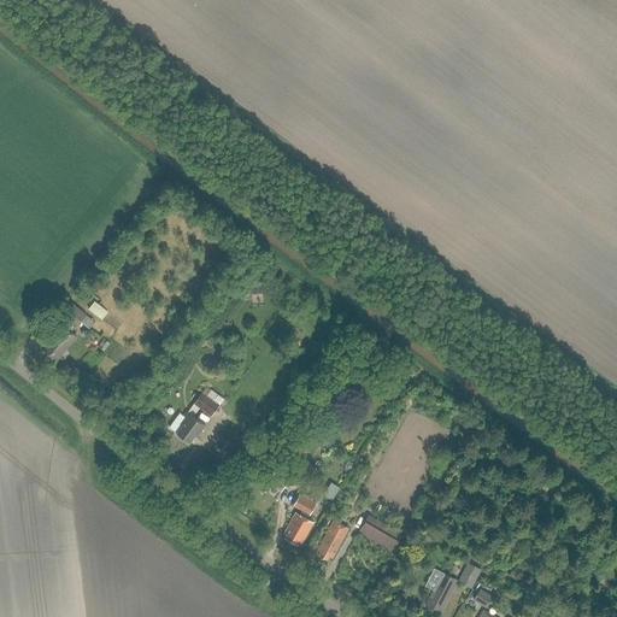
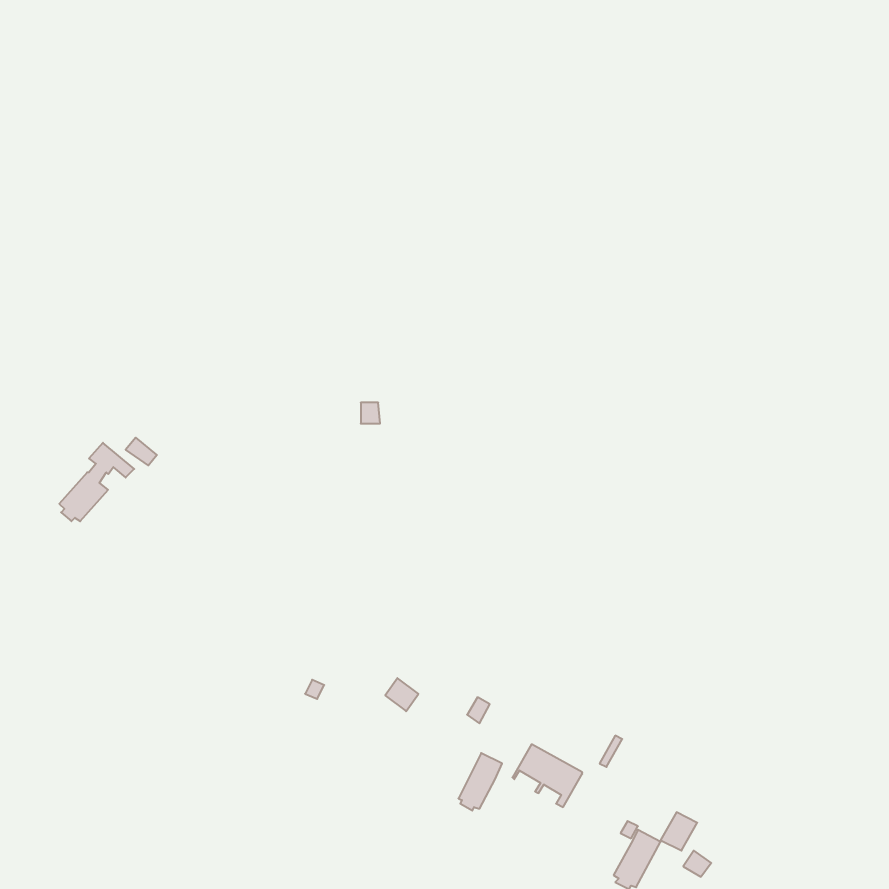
building: [177,387,223,442] -> none
building: [286,494,316,543] -> none

